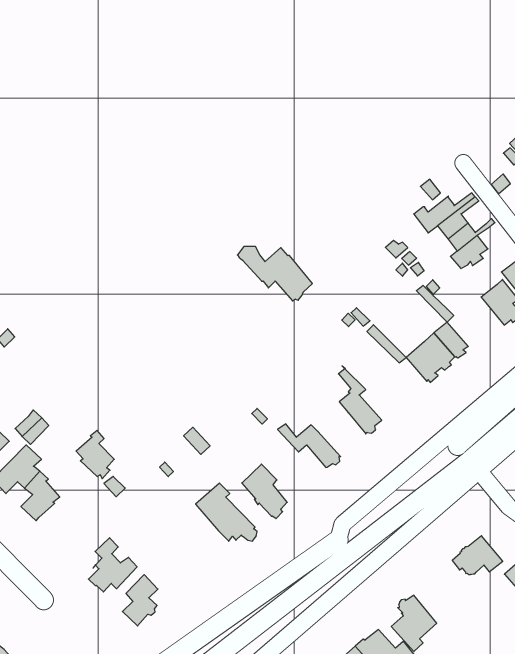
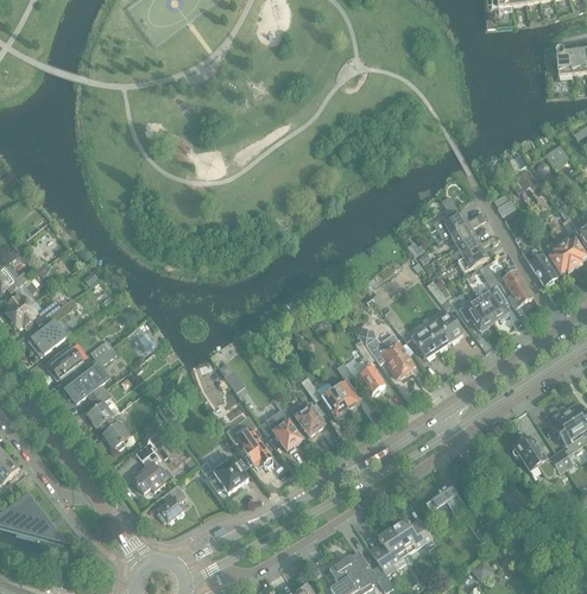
building: [237,247,312,301] -> [356,328,414,377]
building: none -> [457,296,492,331]
building: none -> [332,362,358,409]
building: [76,430,114,479] -> [99,411,128,450]
building: none -> [290,399,323,435]
building: none -> [198,453,248,492]
building: none -> [391,518,435,552]

